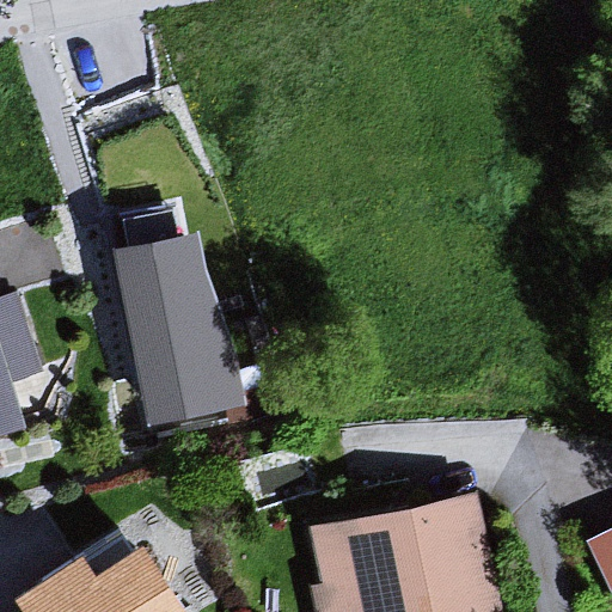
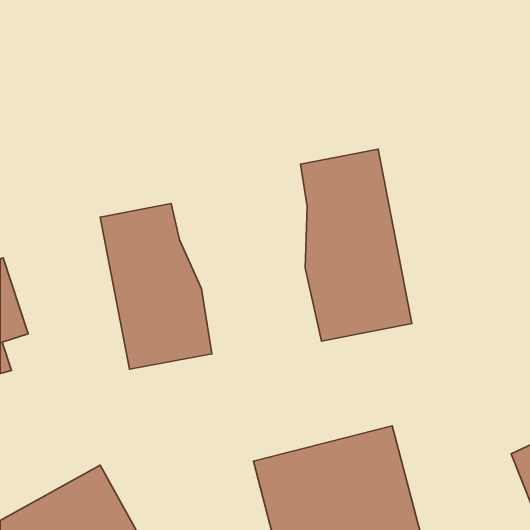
building: none -> [300,149,412,341]

